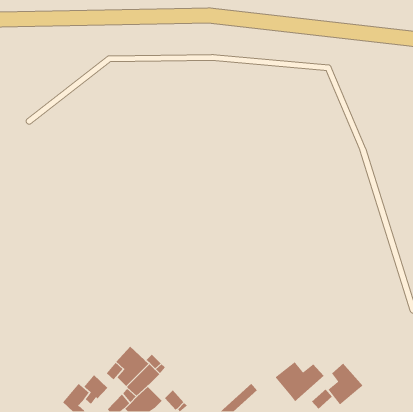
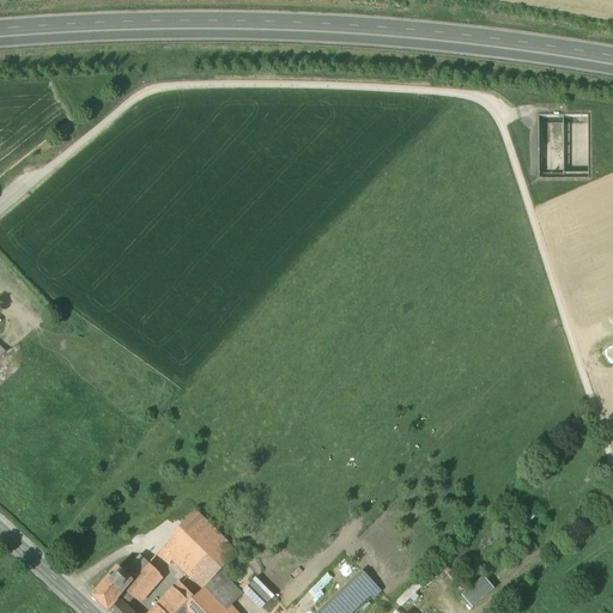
building: [274,361,324,402] -> none
building: [327,363,364,406] -> none

